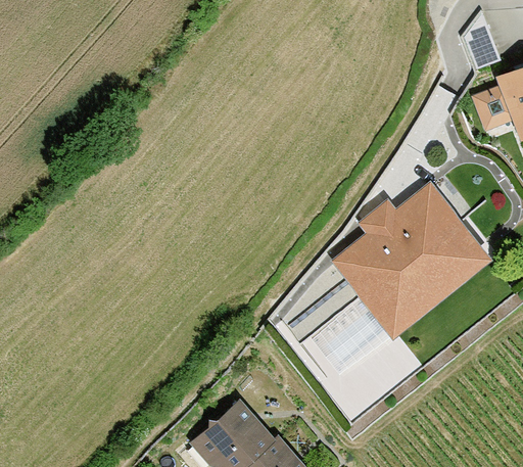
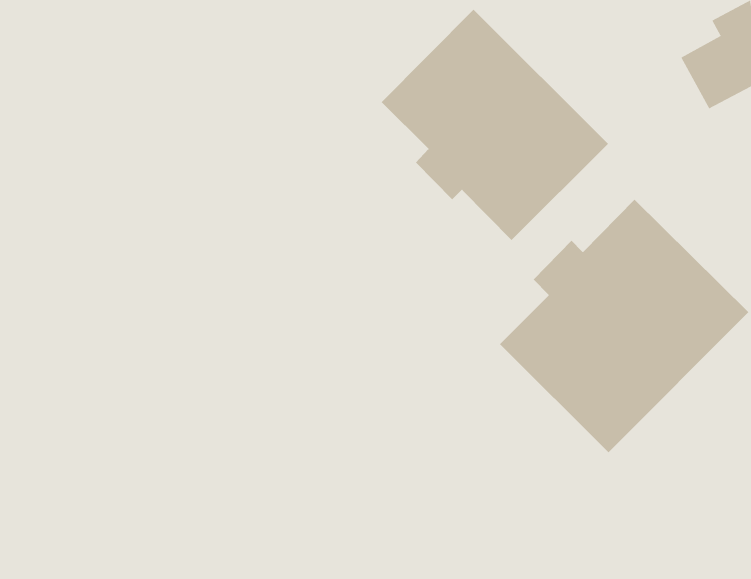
building: none -> [381,9,609,241]

